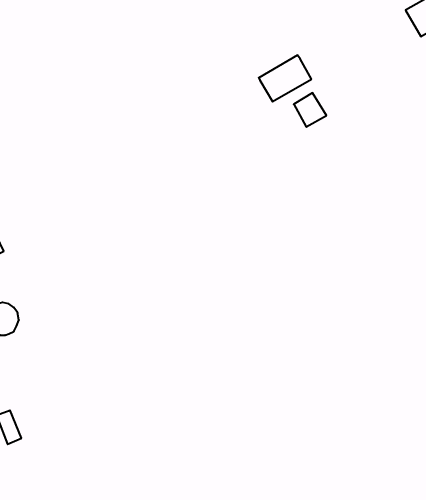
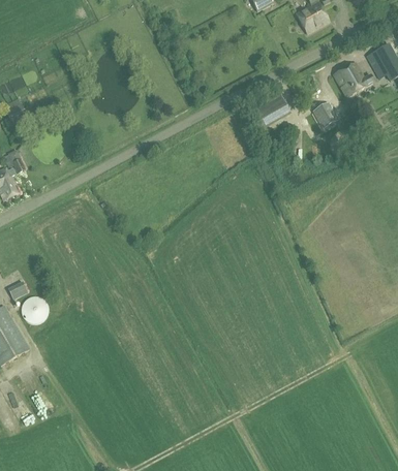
building: none -> [333,61,373,97]
building: [294,93,326,127] -> [311,100,338,128]

